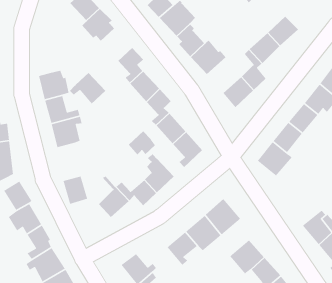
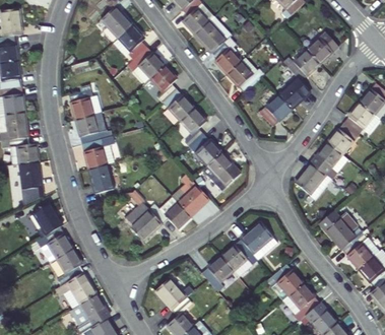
building: [69,72,106,104] -> [127,46,166,79]
building: [128,131,156,155] -> none
building: [63,176,88,205] -> [87,164,114,195]
building: none -> [319,211,362,250]

